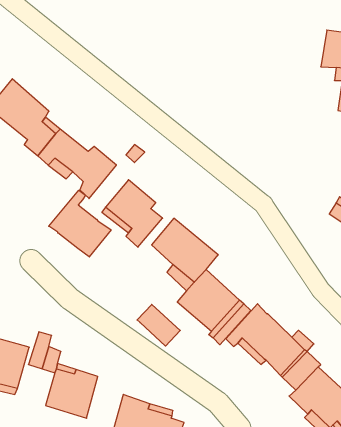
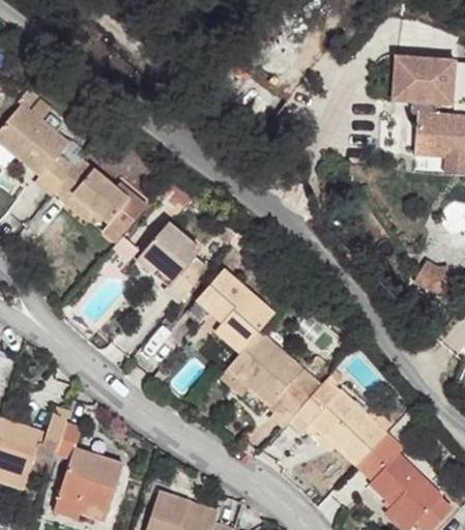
building: [49,190,111,257] -> none
building: [137,304,180,346] -> none

